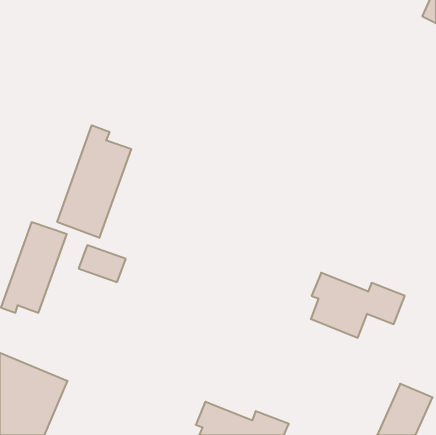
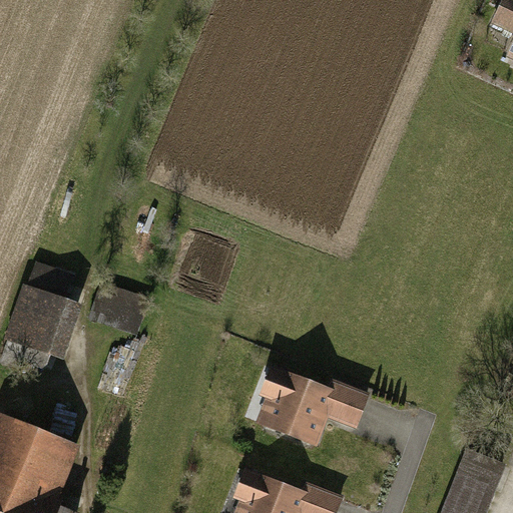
building: [57,125,131,238] -> none
building: [311,273,405,338] -> [258,366,368,442]

